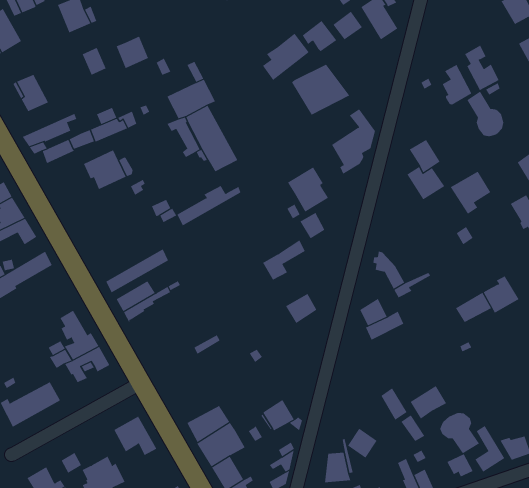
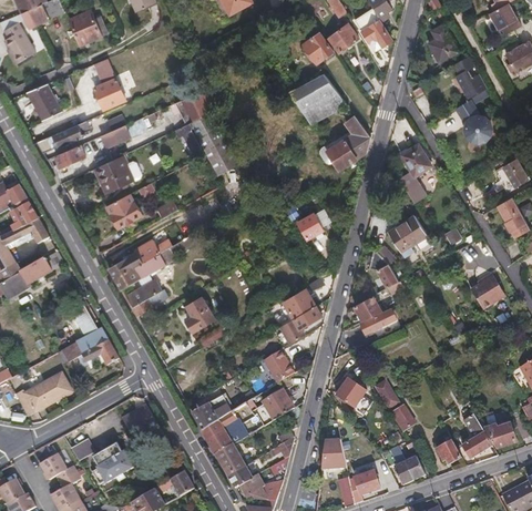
building: [262,33,310,81] -> none
building: [116,36,149,69] -> [93,78,124,109]
building: [442,64,472,105] -> [428,23,457,62]
building: [287,167,329,213] -> none
building: [450,171,491,214] -> [387,215,426,256]
building: [177,185,241,226] -> [109,239,170,278]
building: none -> [105,194,143,226]
building: [262,239,306,281] -> [278,305,319,344]
building: [455,292,492,323] -> none
building: none -> [185,297,215,331]
building: none -> [262,349,293,384]
building: [410,385,447,420] -> none
building: [440,412,480,454] -> none
building: [347,428,378,458] -> [336,378,365,407]

